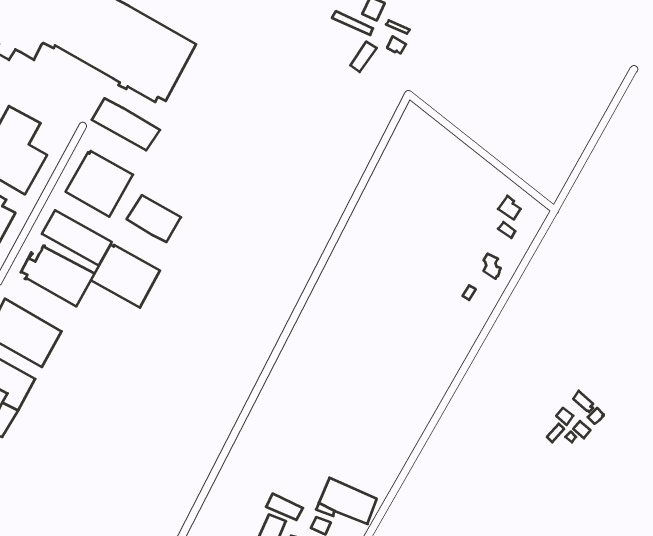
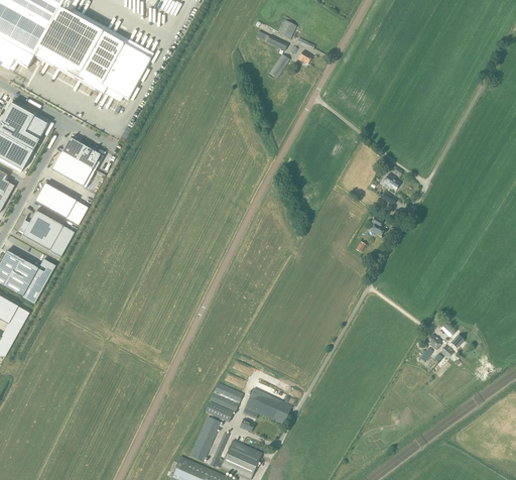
building: [92,98,160,150] -> none
building: [127,195,181,242] -> none
building: [91,245,160,308] -> none
building: none -> [211,381,244,410]

